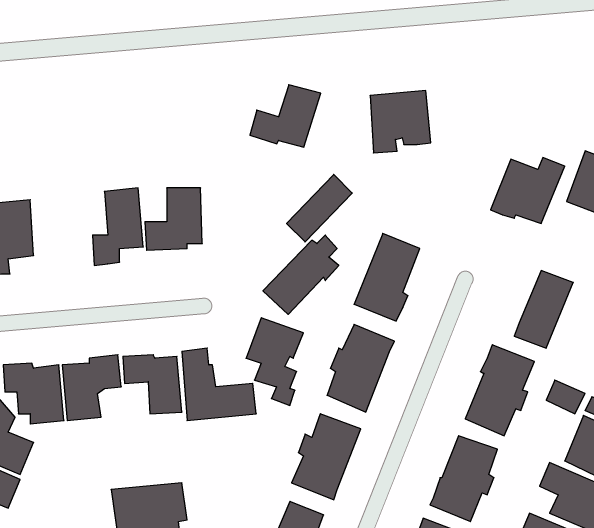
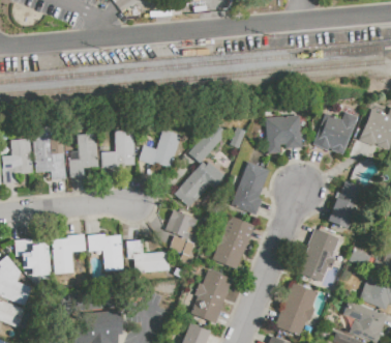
building: [250,85,321,147] -> [138,128,181,167]
building: [370,91,431,153] -> [265,114,302,152]
building: none -> [32,125,66,179]

